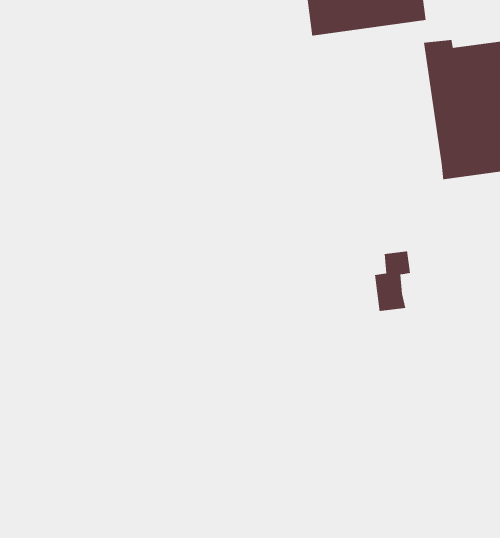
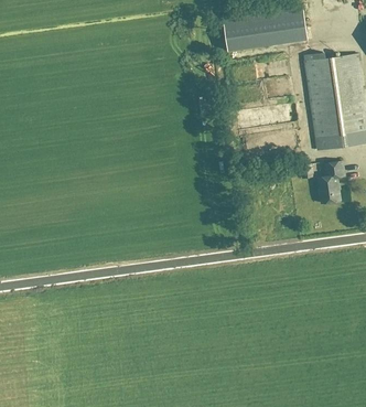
building: [374,251,411,311] -> [316,161,342,203]

